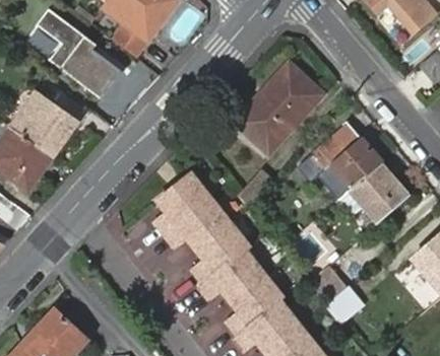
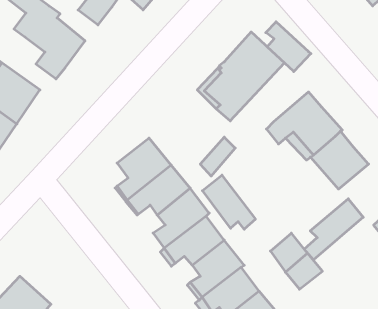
building: none -> [266,22,311,72]
building: none -> [202,175,255,229]
building: none -> [304,199,363,260]

